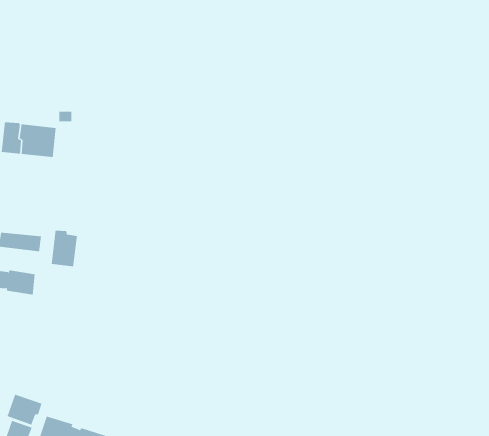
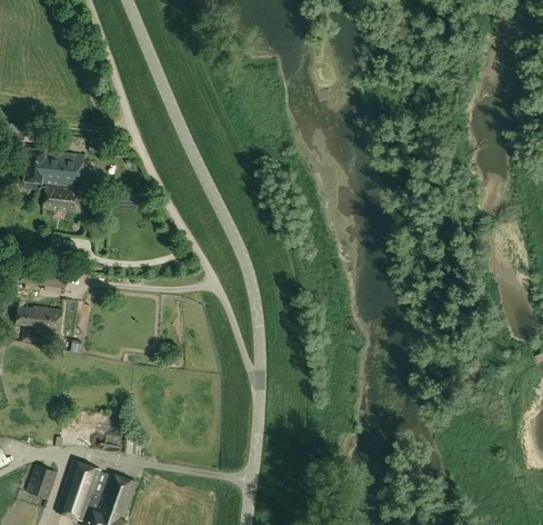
building: none -> [44,187,80,212]
building: [51,230,78,267] -> none
building: [7,394,42,425] -> none

